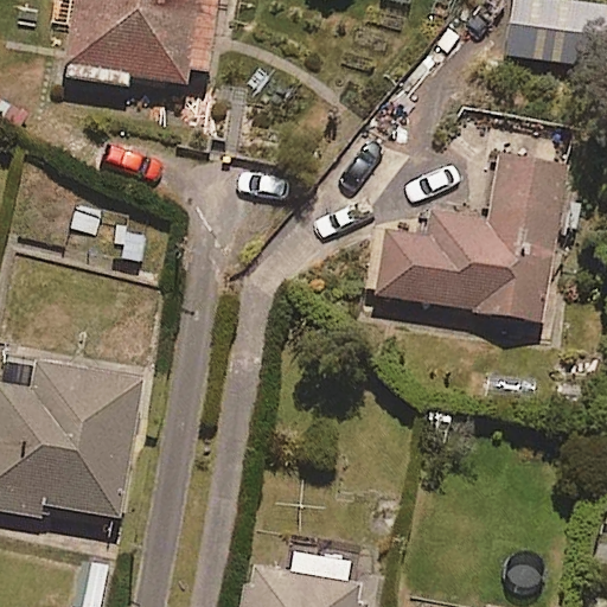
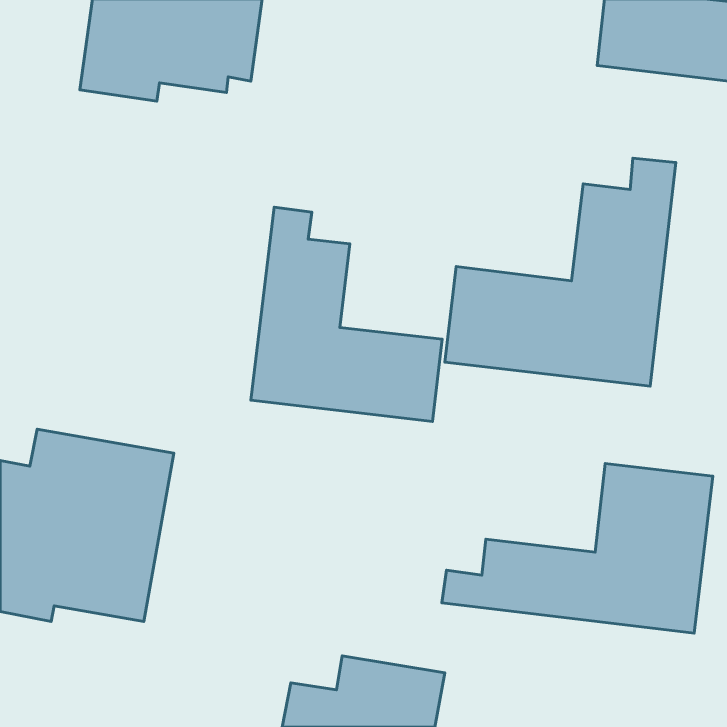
building: none -> [251,207,442,422]
building: none -> [442,464,713,633]

